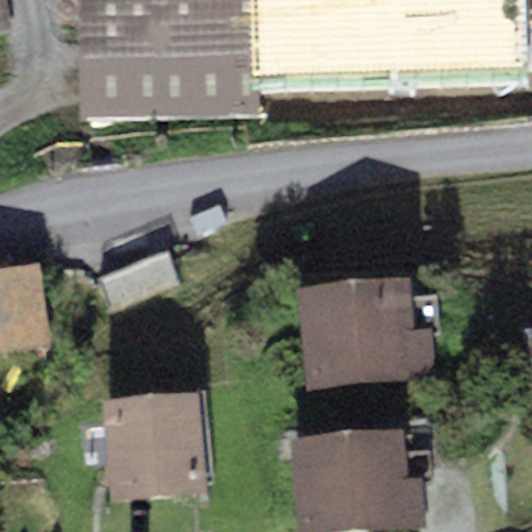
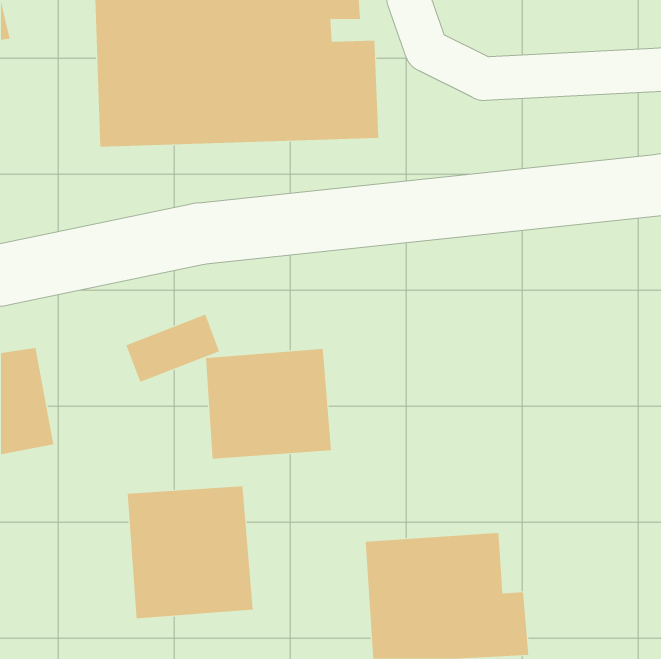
building: [296,276,431,387] -> none
building: none -> [206,348,331,459]

